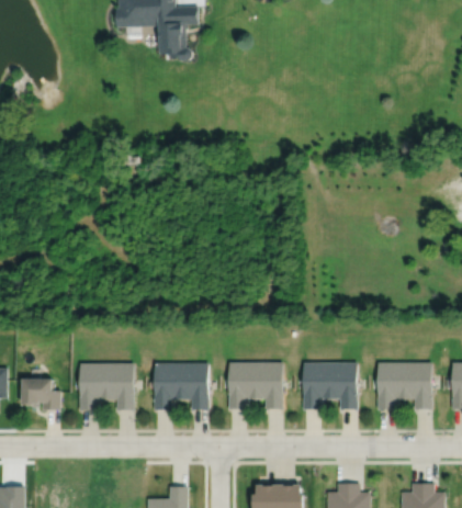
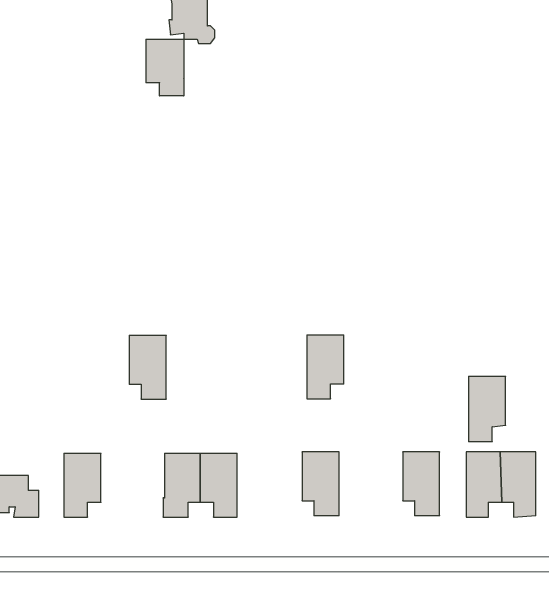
building: none -> [146,39,184,96]
building: [229,362,257,409] -> [307,335,344,399]
building: [304,362,331,410] -> [469,376,506,442]
building: [108,363,135,410] -> [129,335,166,399]

